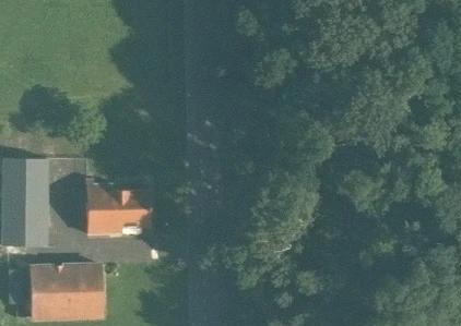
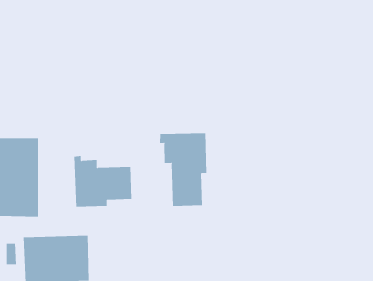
building: none -> [159,132,207,207]

